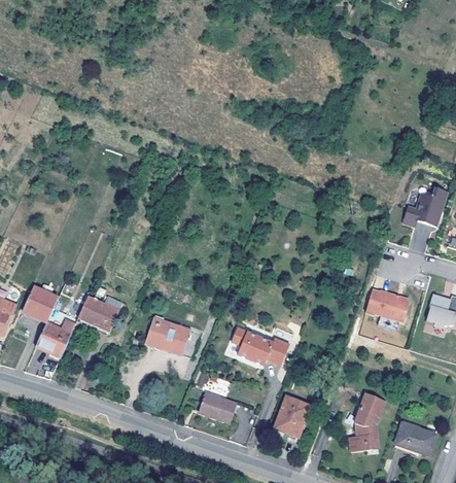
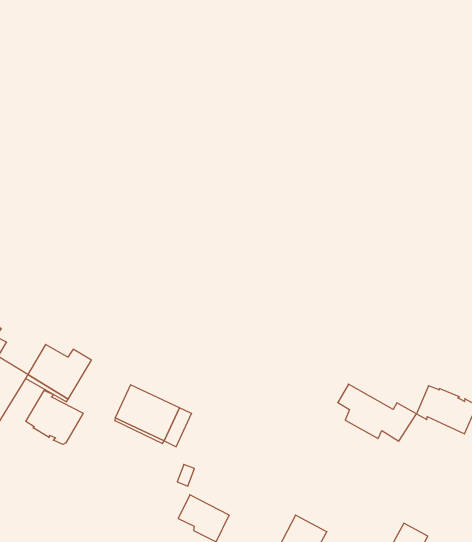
building: [232,326,290,364] -> [338,384,416,441]
building: none -> [26,390,83,444]

